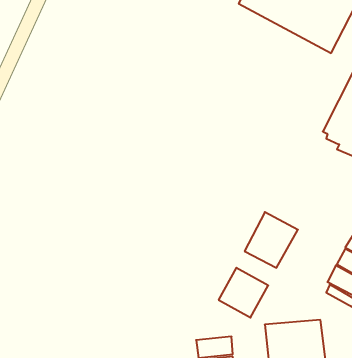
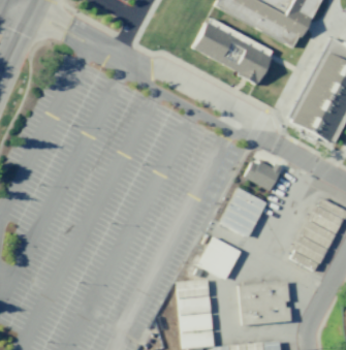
building: none -> [193,19,273,85]
building: none -> [246,161,284,191]
building: none -> [177,280,211,298]

